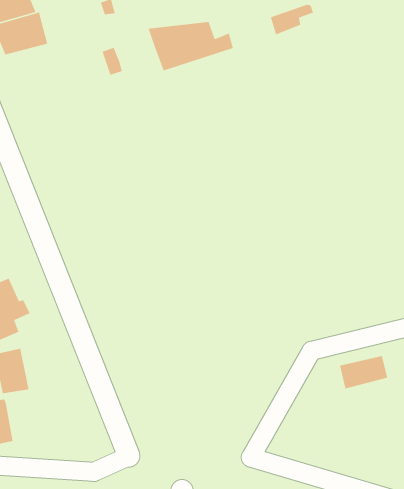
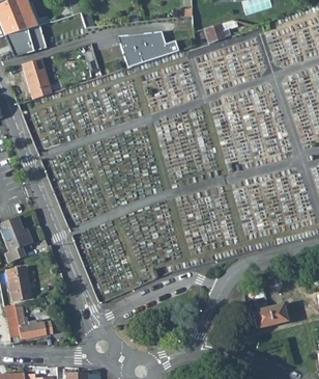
building: none -> [23,58,52,99]
building: [339,355,388,390] -> [253,303,288,328]
building: none -> [16,305,54,339]

